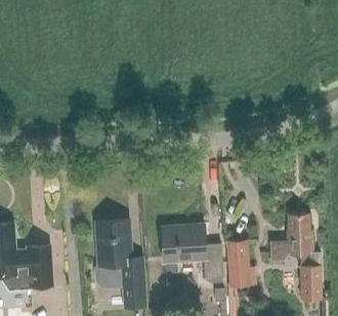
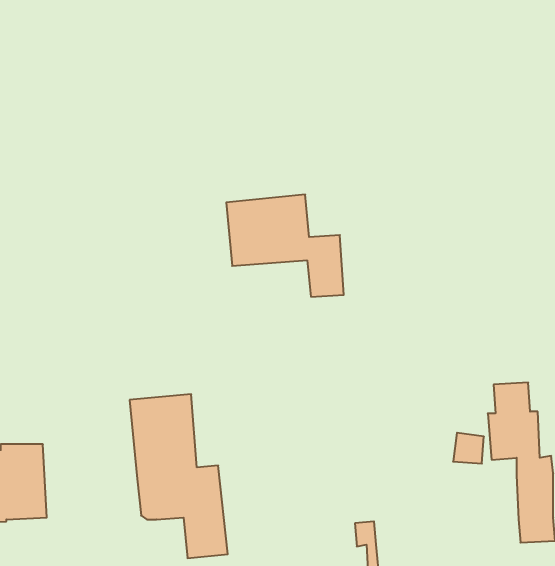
building: [161,224,223,278] -> [226,195,344,297]
building: [227,242,251,285] -> none

